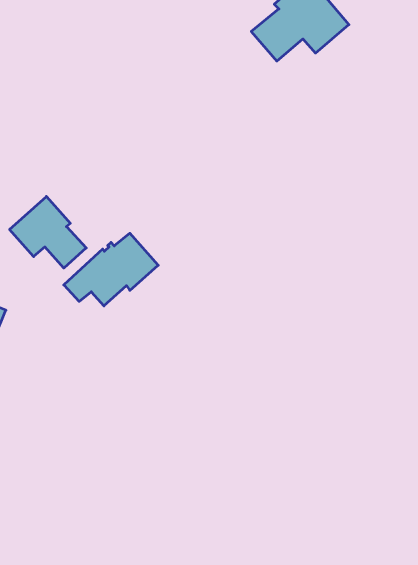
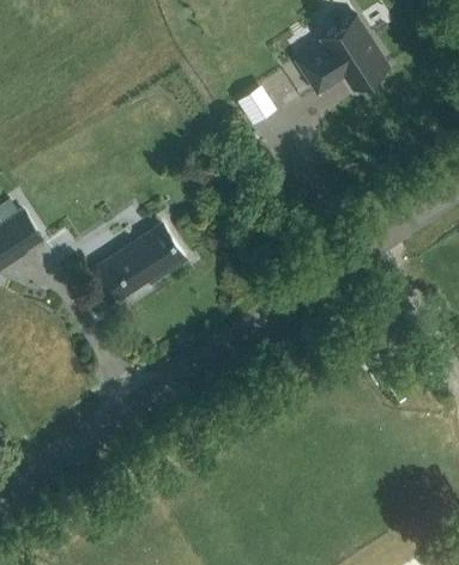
building: [10,196,86,268] -> none

